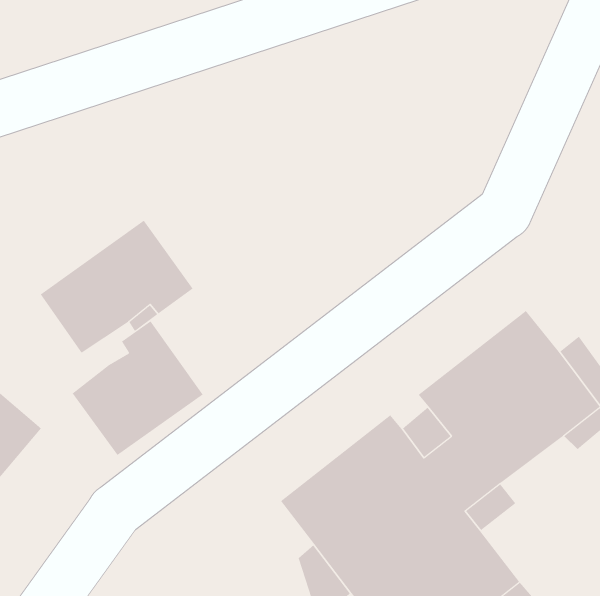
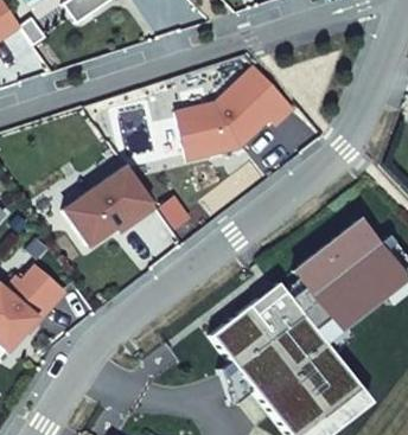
building: none -> [172,66,294,158]
building: [72,321,203,456] -> none

